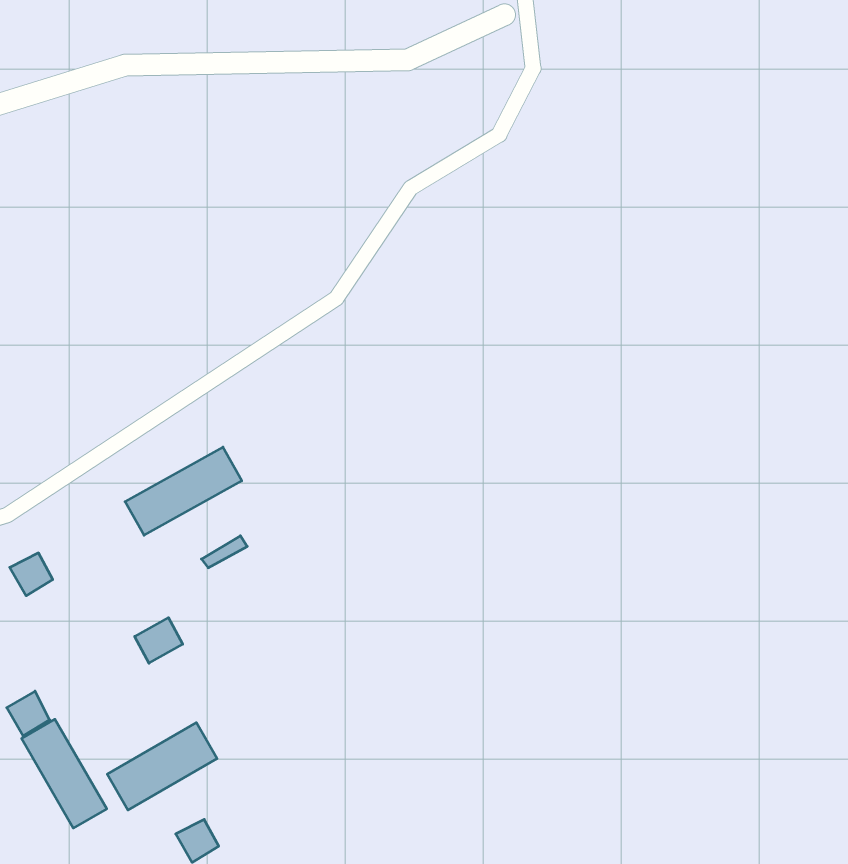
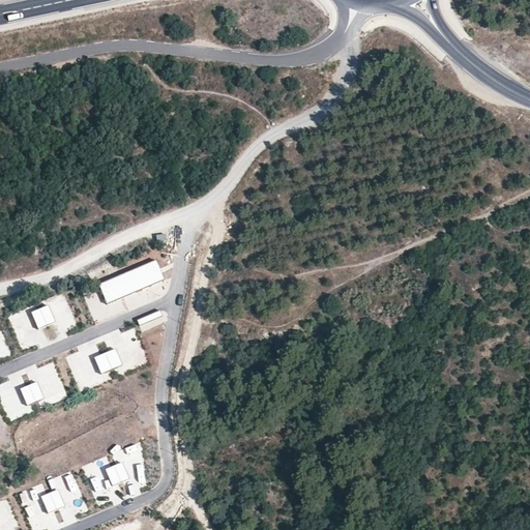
building: [22,719,107,828] -> none
building: [107,723,217,810] -> none

